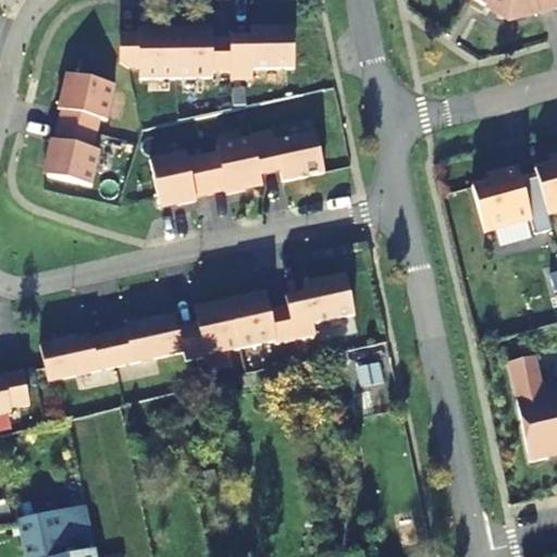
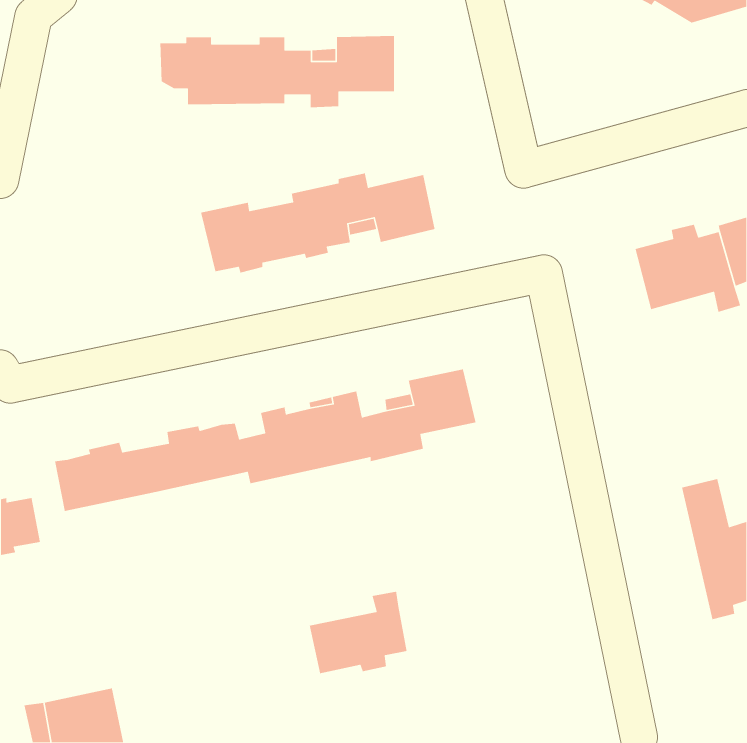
building: [47,73,115,185] -> none
building: none -> [309,591,407,674]

